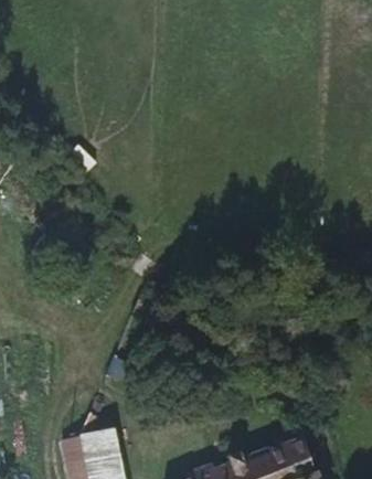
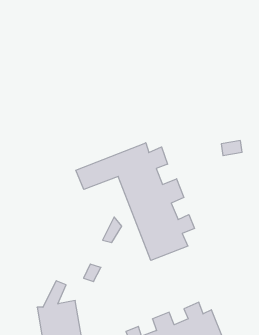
building: none -> [76,143,194,260]

